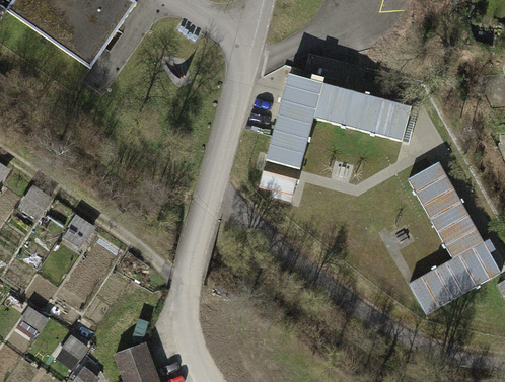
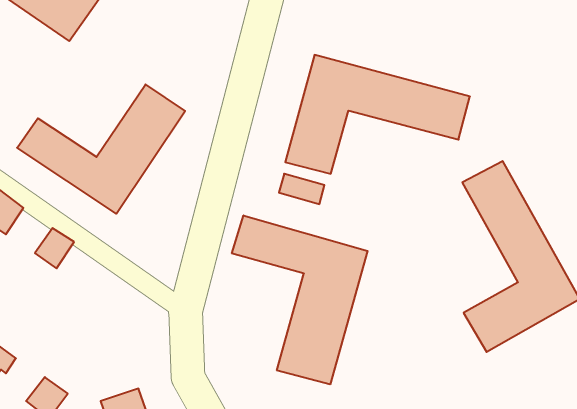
building: none -> [17,84,185,214]
building: none -> [232,215,368,384]

